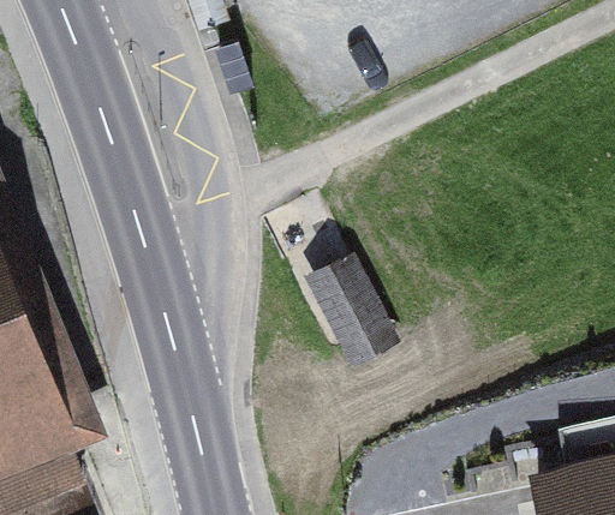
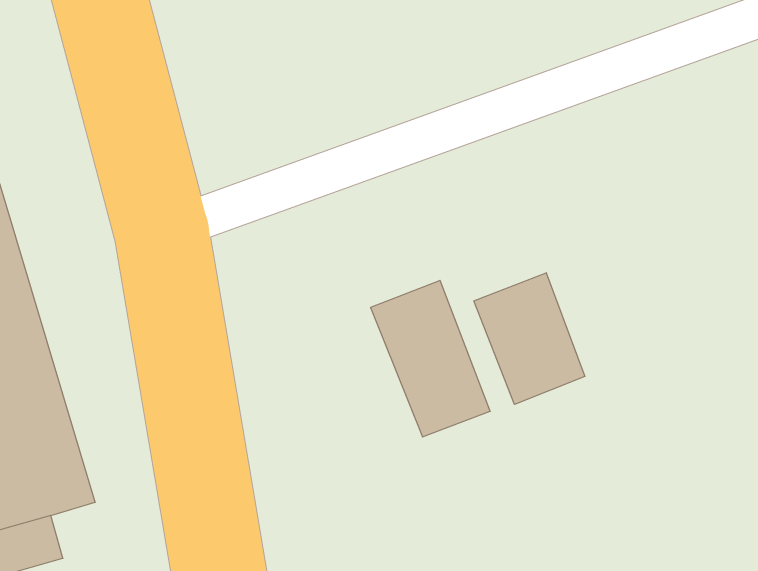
building: none -> [474,273,585,404]

